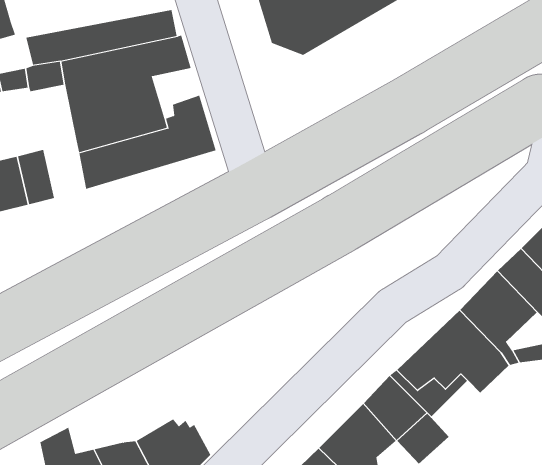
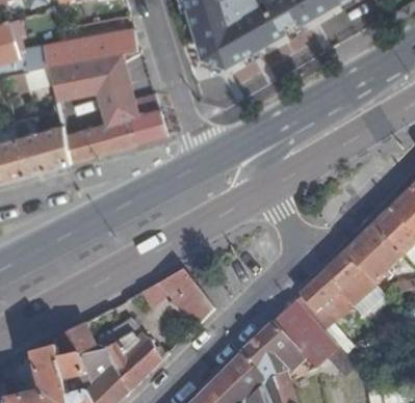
building: none -> [34,127,66,169]
building: none -> [139,269,210,327]
building: none -> [53,324,94,359]

